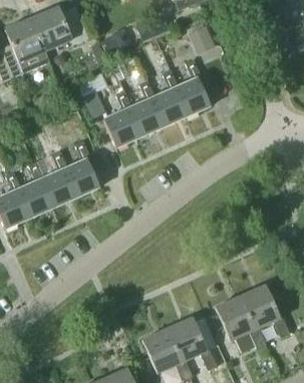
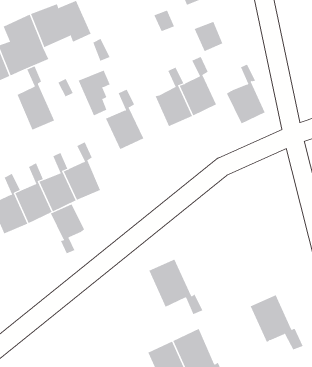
building: none -> [17,65,55,130]
building: [124,79,162,136] -> [226,64,265,124]
building: none -> [50,204,85,254]
building: [214,296,266,349] -> [148,259,203,315]

